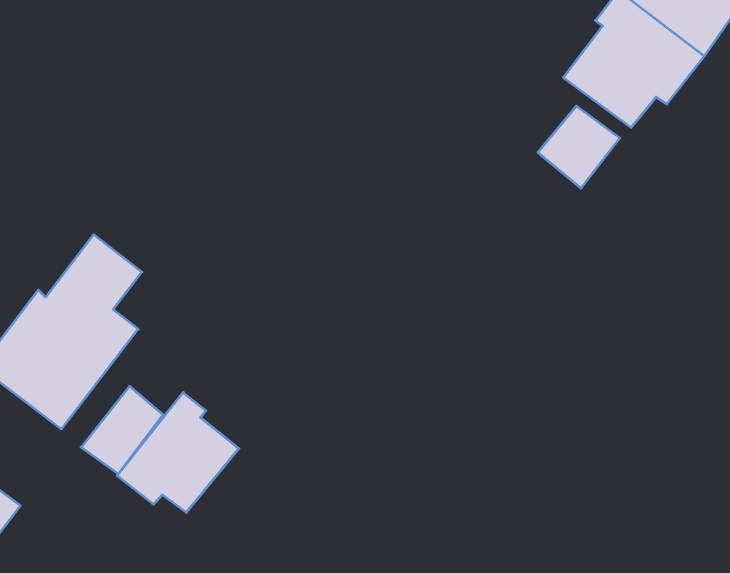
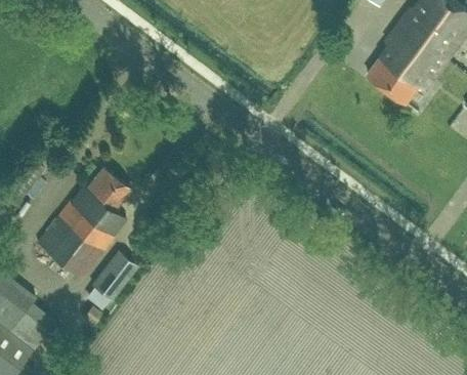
building: [538,106,620,188] -> none
building: [117,392,239,513] -> none

